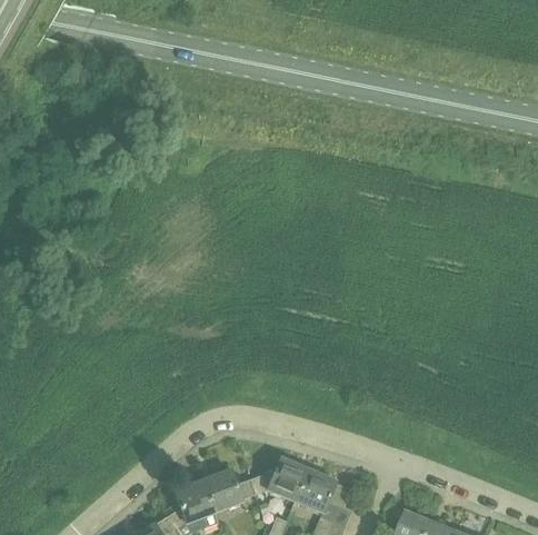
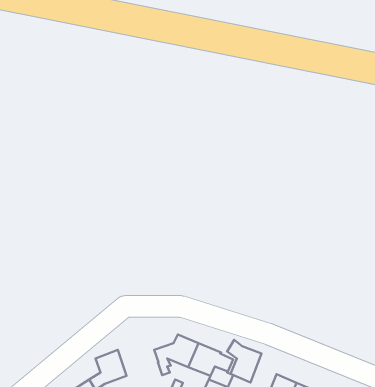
building: none -> [227,340,261,382]
building: [205,469,257,513] -> none

